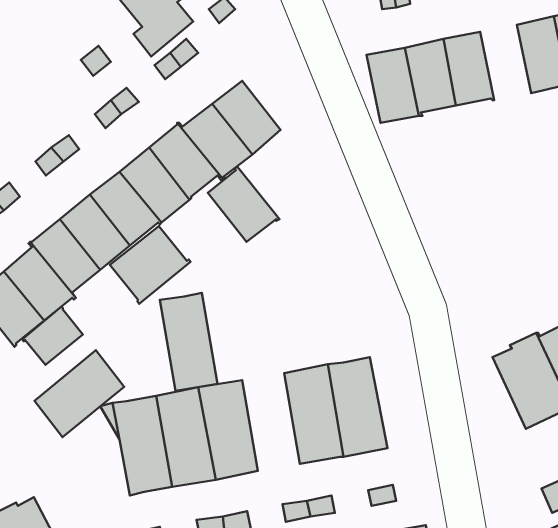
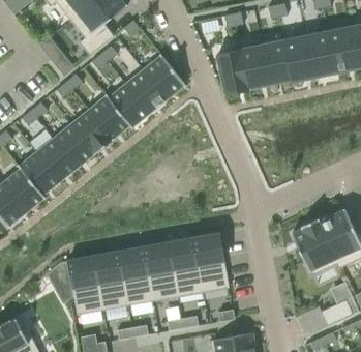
building: none -> [284,36,314,81]
building: [208,167,280,242] -> [144,54,186,98]
building: [110,226,191,304] -> none
building: [160,293,218,391] -> [144,242,178,300]
building: [22,306,83,365] -> none
building: [34,350,124,437] -> none

